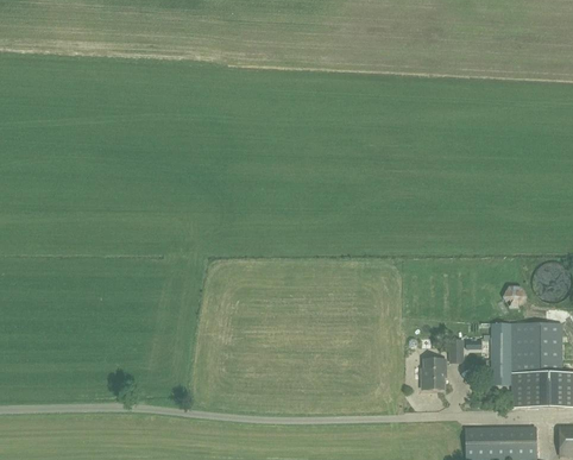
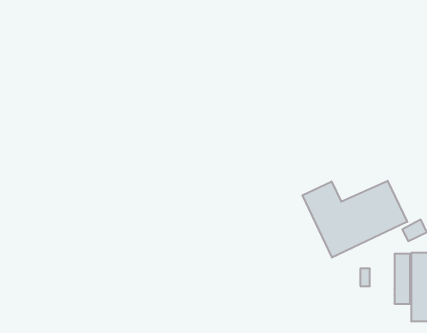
building: none -> [303,181,407,258]
building: [421,359,446,389] -> none

